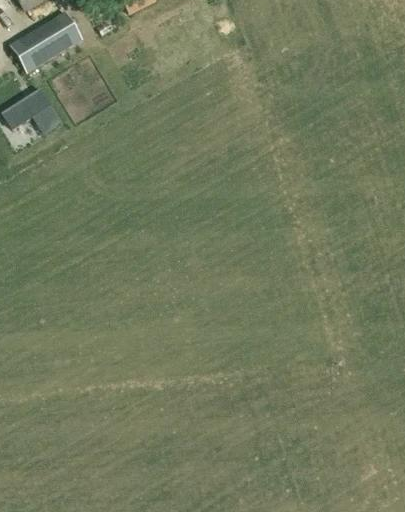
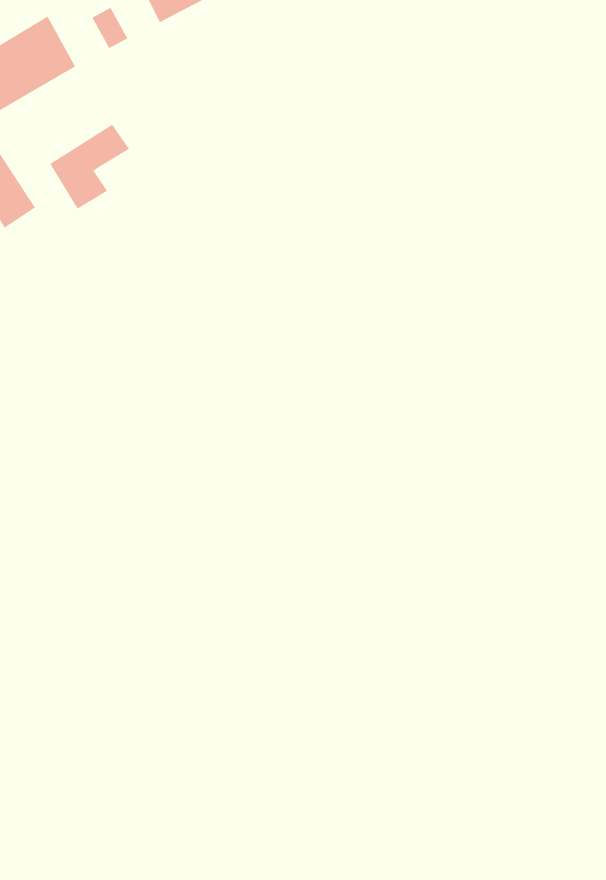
building: none -> [50,124,130,210]

